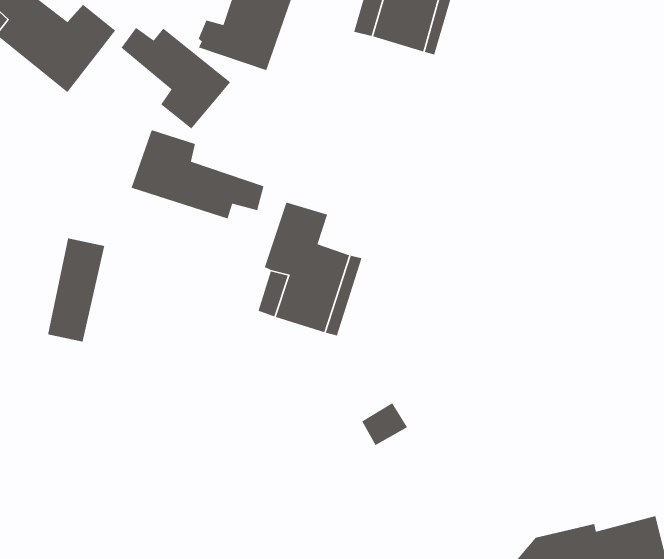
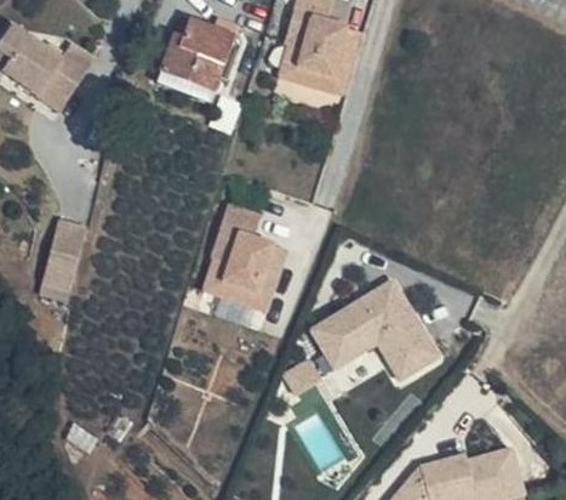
building: [120,27,231,129] -> none
building: [131,129,264,219] -> none
building: none -> [307,277,439,379]

